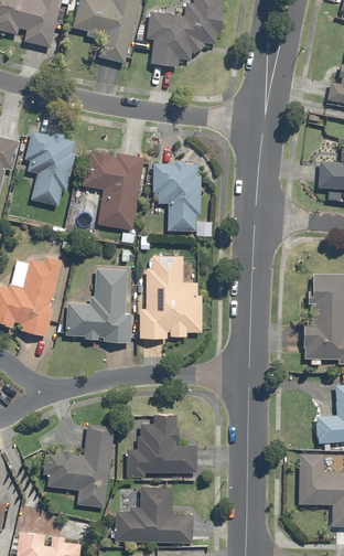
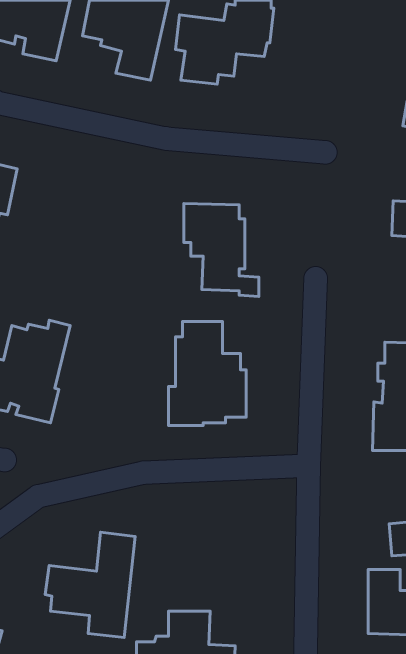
building: [23,130,76,206] -> none
building: [83,150,144,231] -> none
building: [64,267,132,343] -> none
building: [127,415,197,478] -> none

